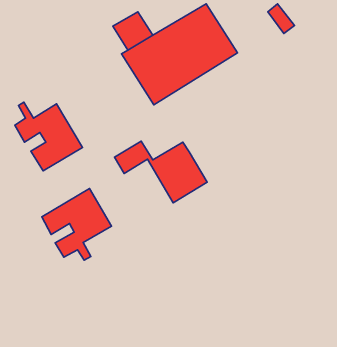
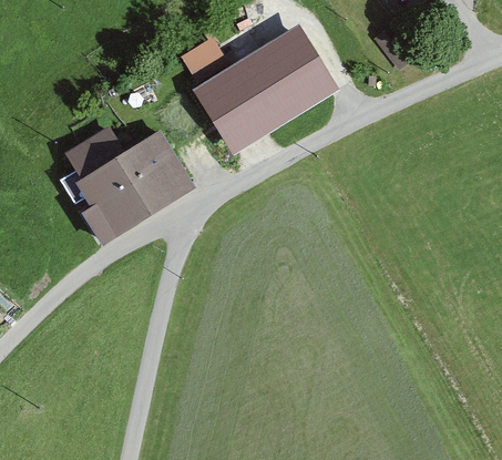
building: [114,141,207,203] -> [73,131,188,207]
building: [42,189,112,260] -> none

